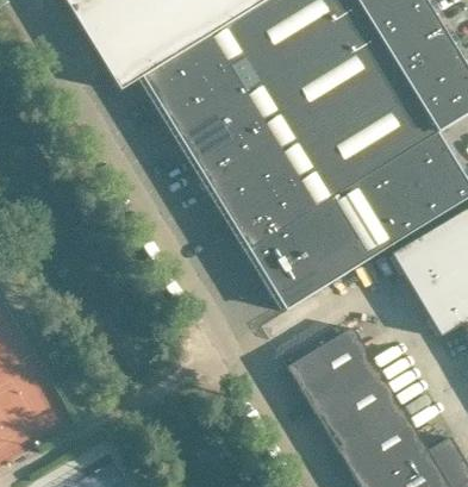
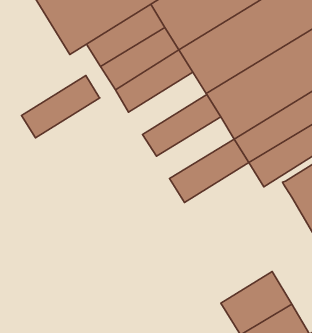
building: [196,113,297,193] -> [21,75,100,138]
building: [232,170,331,249] -> none
building: [268,229,369,311] -> none
building: [289,326,380,408] -> none

